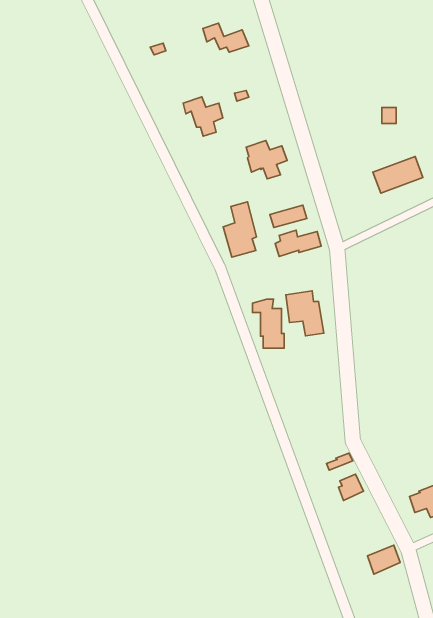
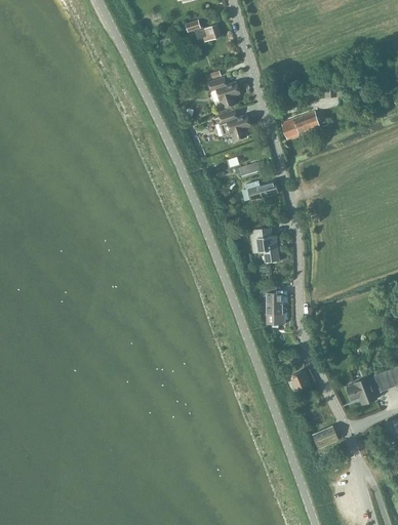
building: [183,97,223,136] -> [209,78,240,109]
building: [373,156,423,193] -> [282,111,321,139]
building: [223,202,257,257] -> none
building: [252,299,284,348] -> [261,286,285,324]

